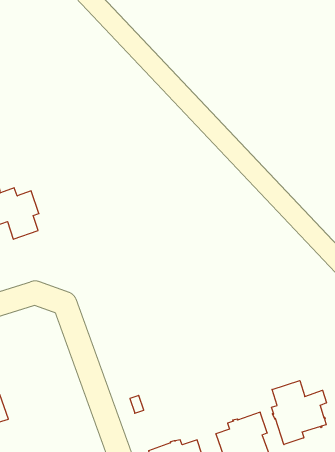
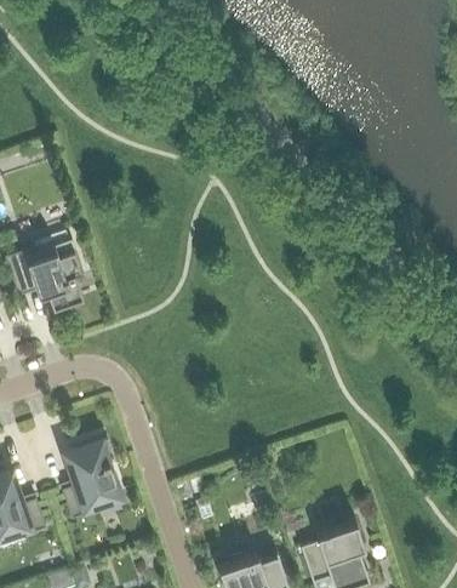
building: none -> [61,436,119,518]
building: [271,381,326,445] -> none

